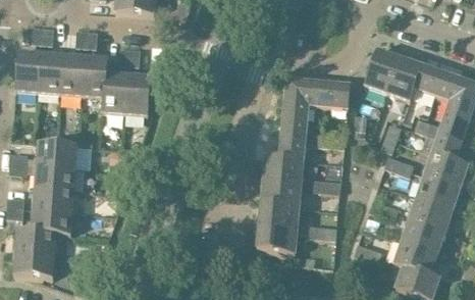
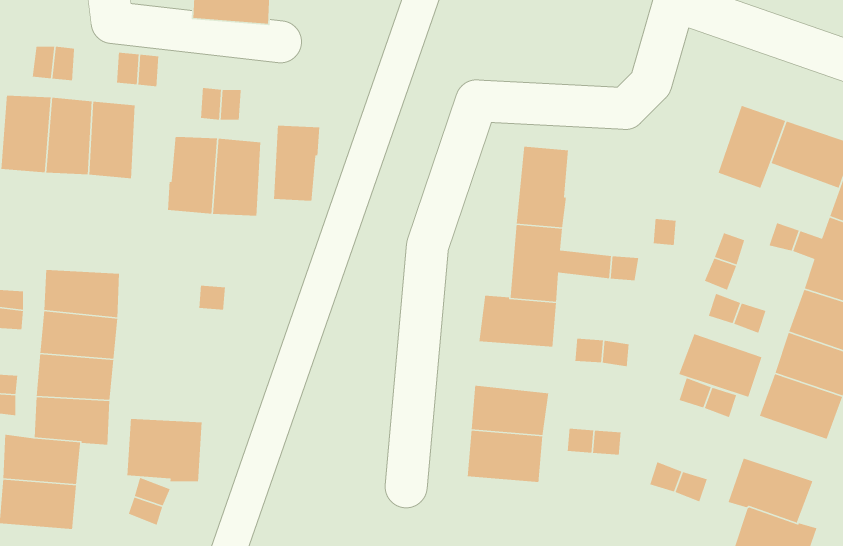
building: [364,48,400,92] -> none
building: [83,56,107,96] -> [273,125,320,201]
building: [308,80,351,108] -> none
building: [261,180,302,206] -> none
building: [401,218,444,252] -> [678,333,763,398]
building: none -> [126,418,203,482]

